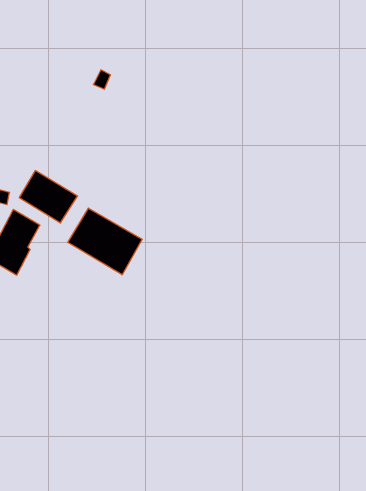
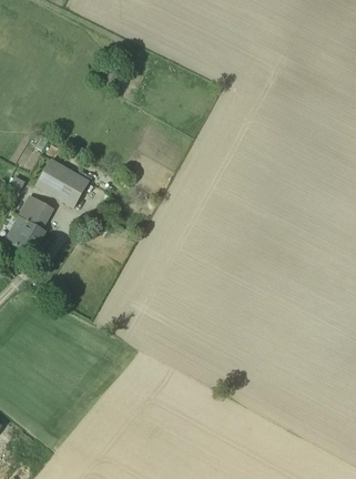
building: [68,208,142,275] -> none

